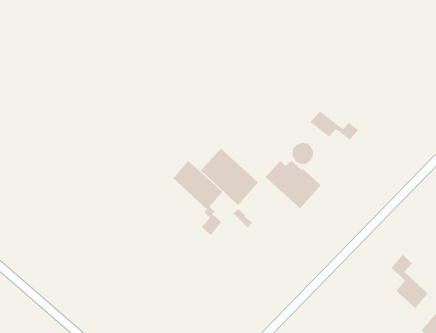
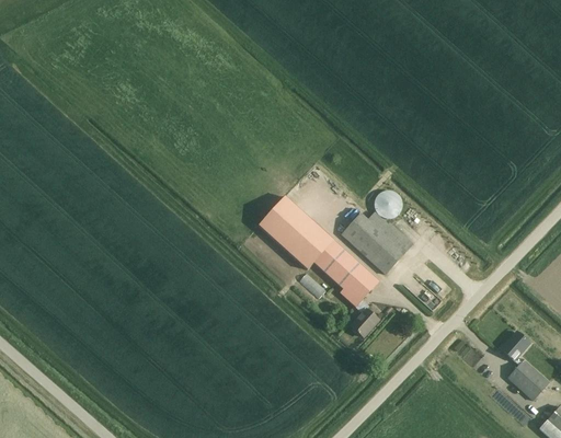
building: [310,110,359,141] -> none
building: [172,160,223,236] -> [314,240,379,336]

